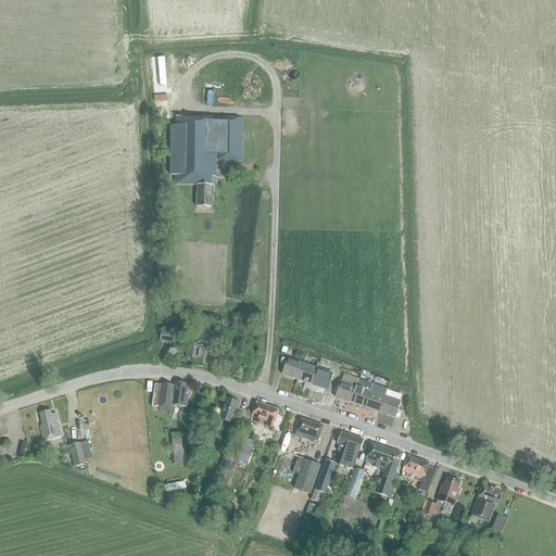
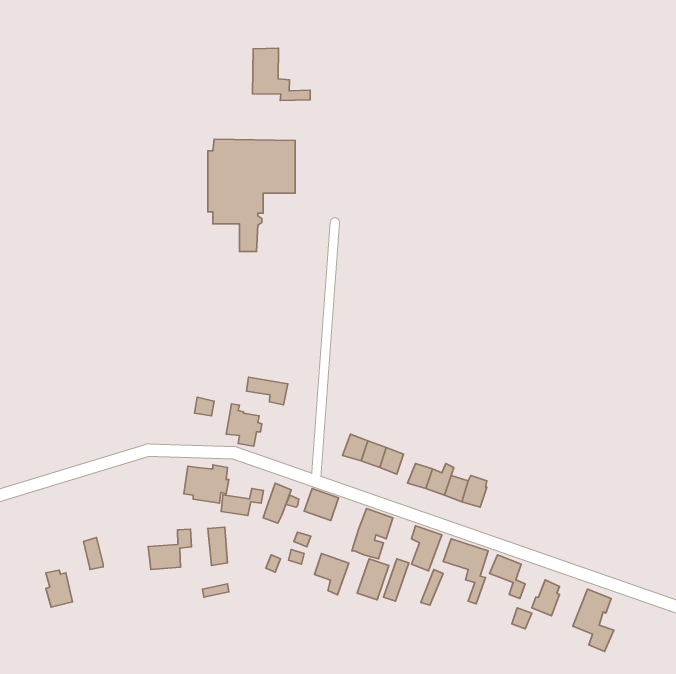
building: none -> [253,48,310,100]
building: none -> [246,377,288,405]
building: none -> [221,489,264,516]
building: [39,409,61,440] -> [46,570,72,607]
building: none -> [148,529,192,570]
building: none -> [314,554,349,595]

